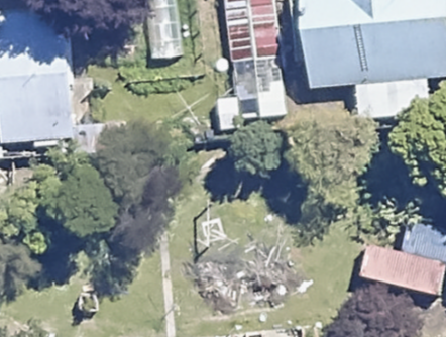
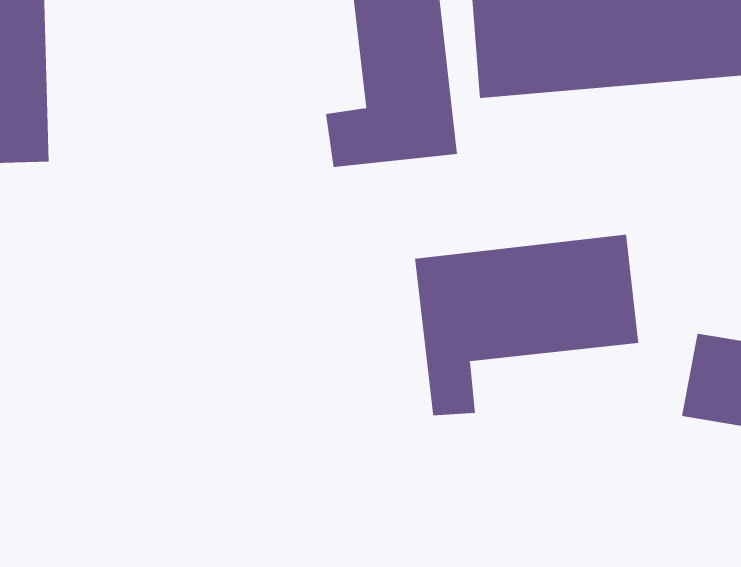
building: none -> [414,234,639,416]

